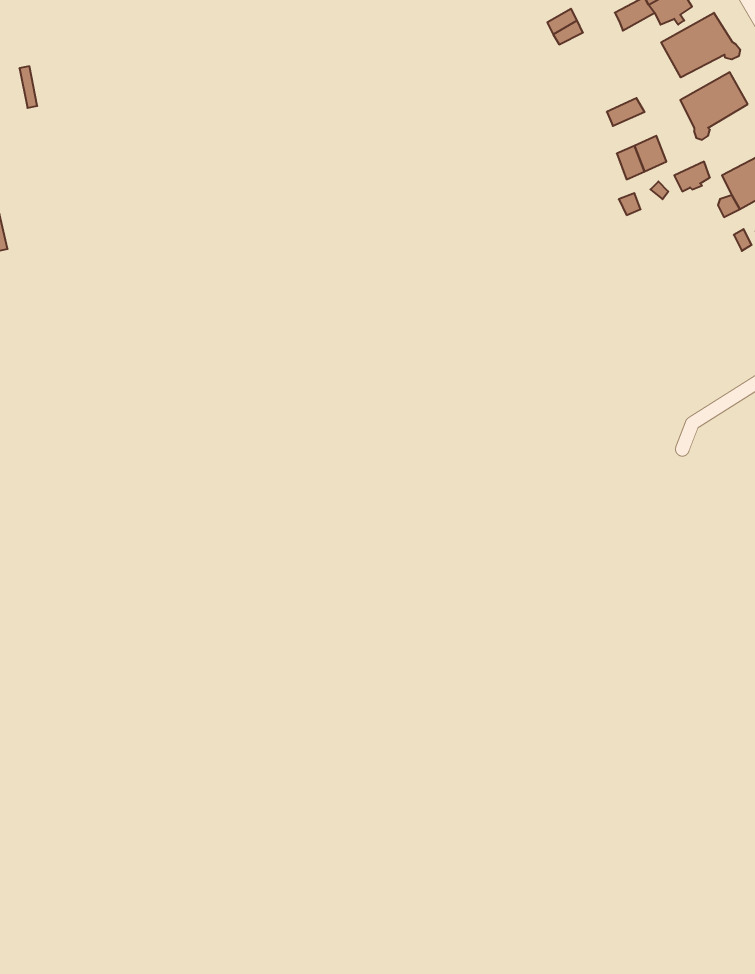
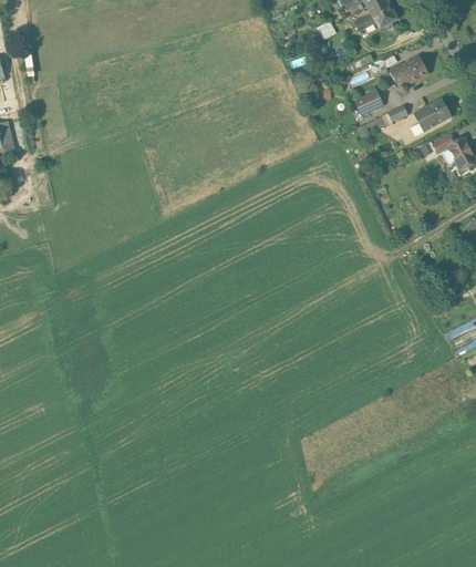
building: [661,13,740,77] -> none

